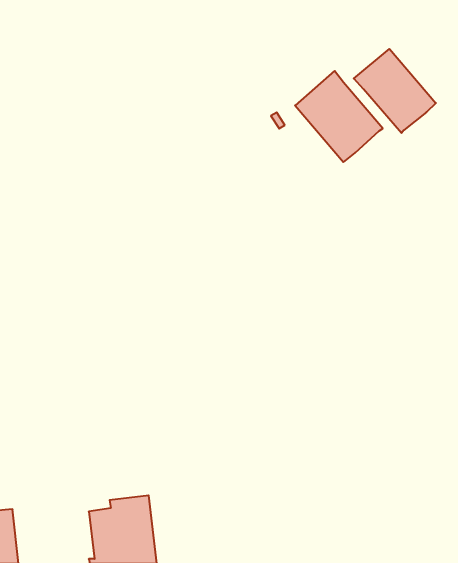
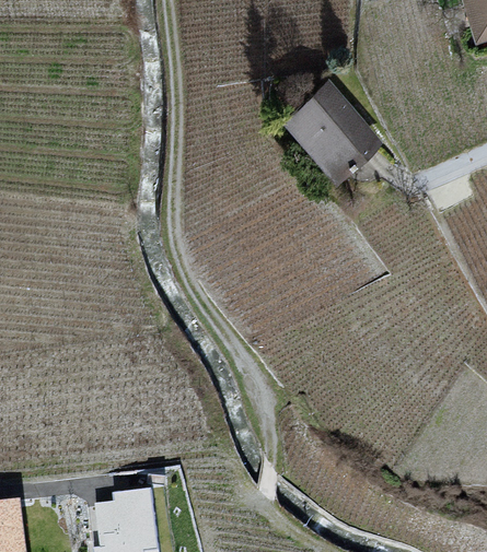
building: [354,49,436,133] -> none

